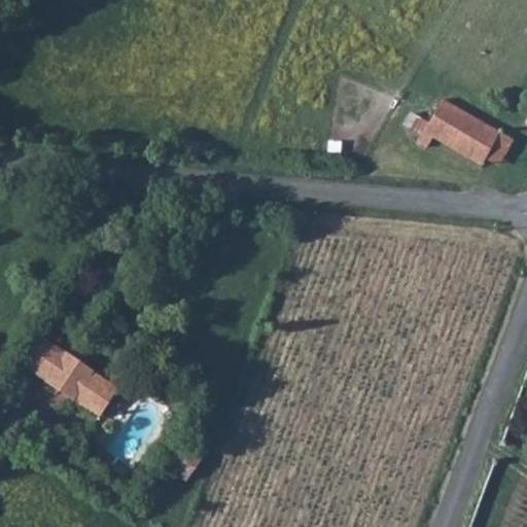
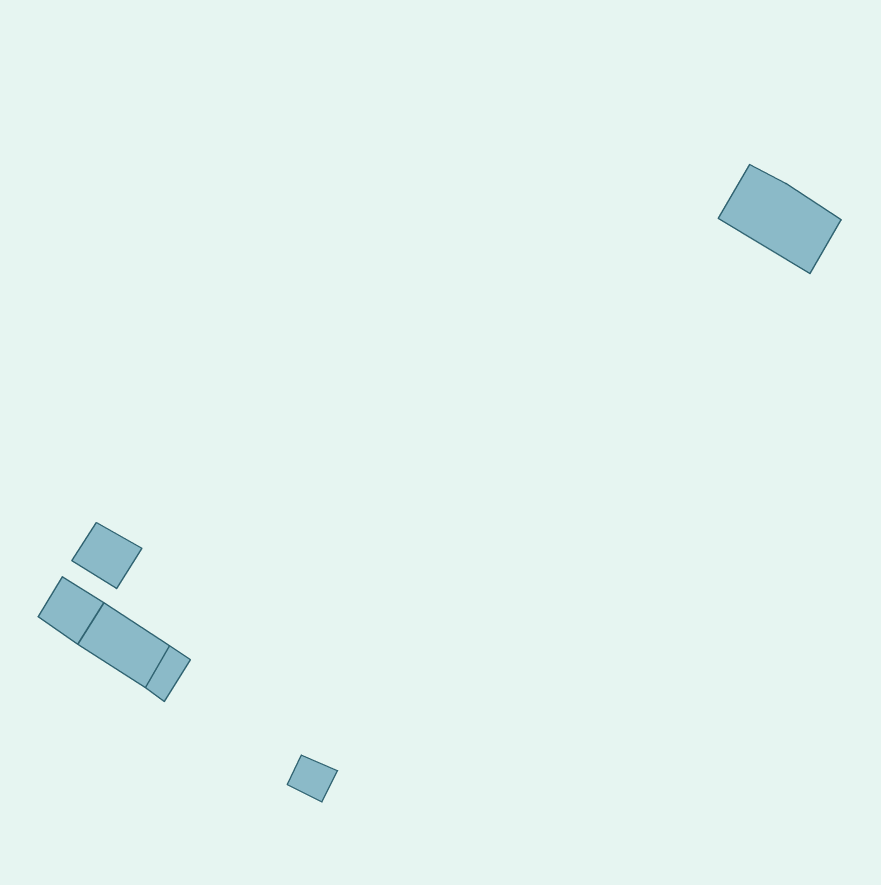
building: none -> [72,523,142,589]

